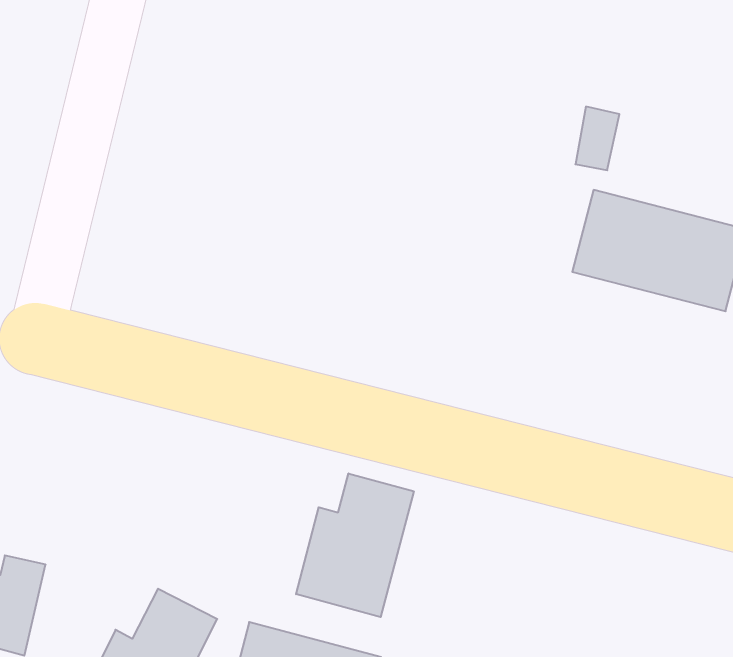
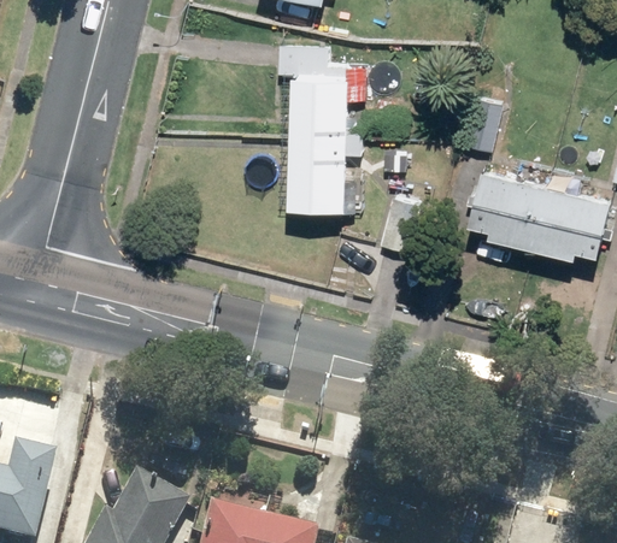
building: none -> [281,42,351,208]
building: [296,473,414,617] -> none

